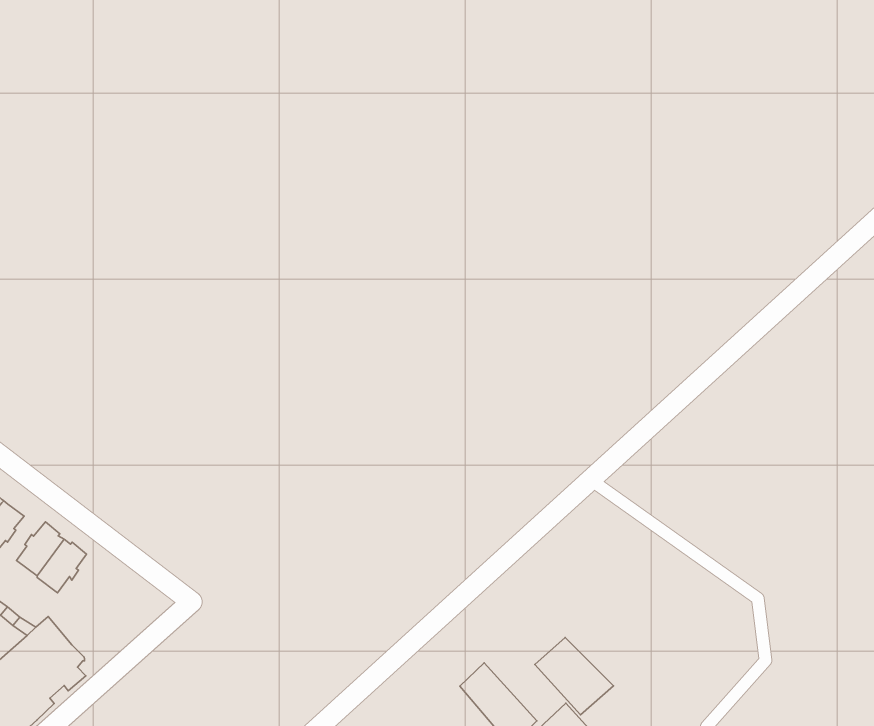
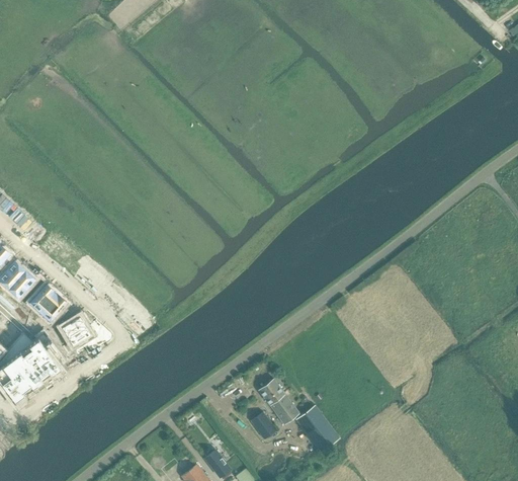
building: none -> [62,316,99,347]
building: [535,638,614,715] -> none

